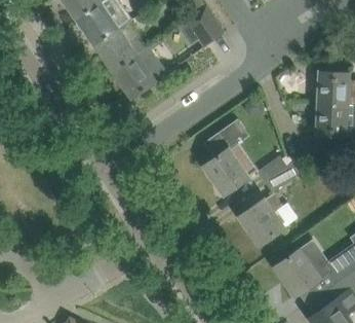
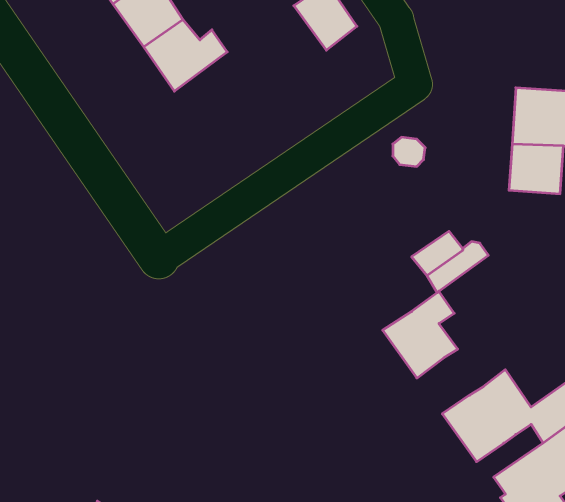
building: [114,46,167,99] -> none
building: [203,118,250,194] -> none

